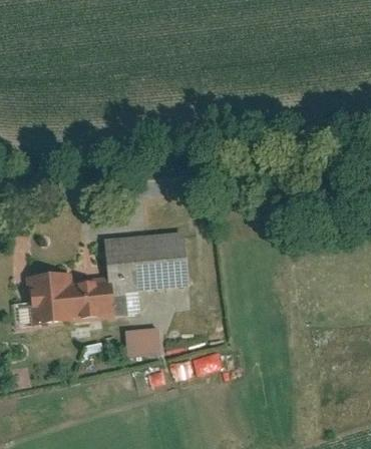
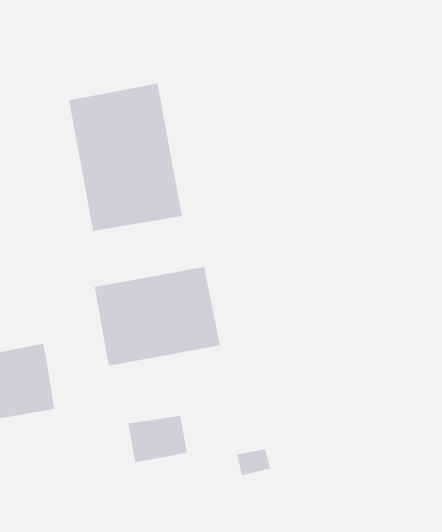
building: none -> [68,83,183,232]
building: [71,281,113,318] -> none

